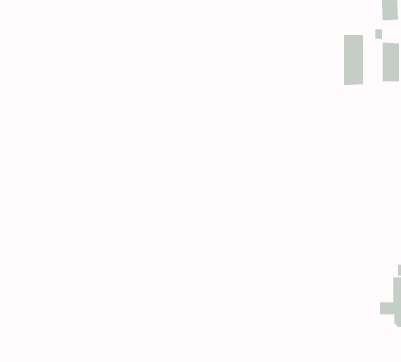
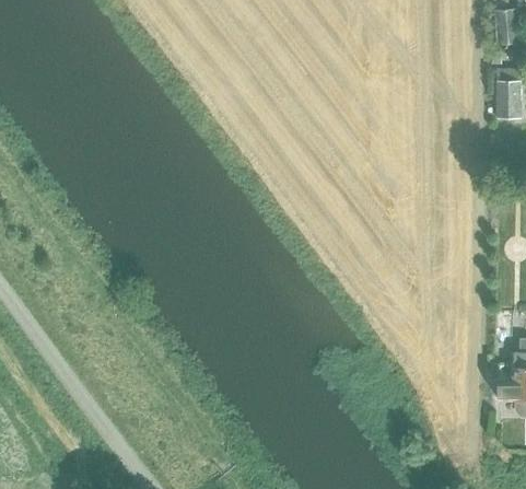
building: [343,34,364,86] -> none

